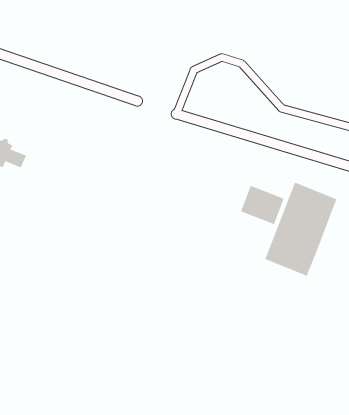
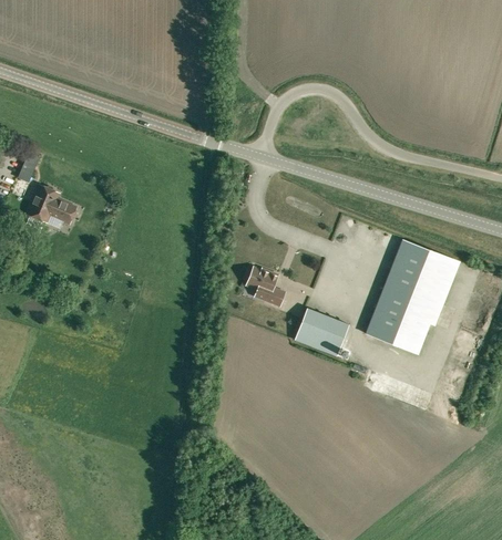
building: [240,185,285,225] -> [295,309,349,357]
building: none -> [245,268,285,307]

